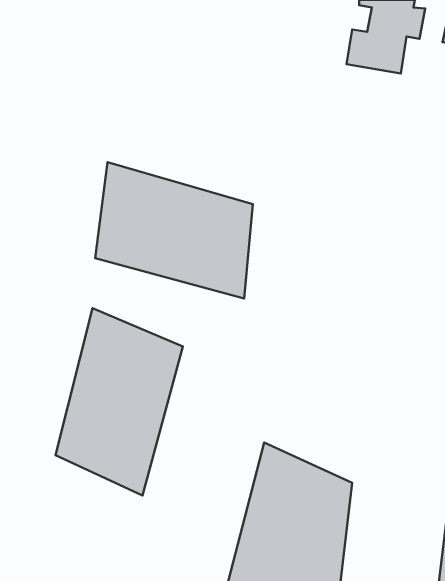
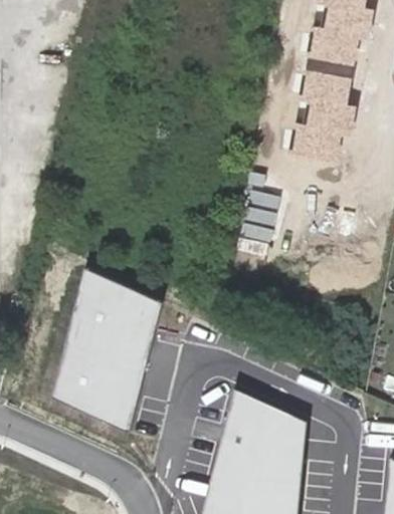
building: none -> [286,71,354,163]
building: [95,162,253,299] -> none

